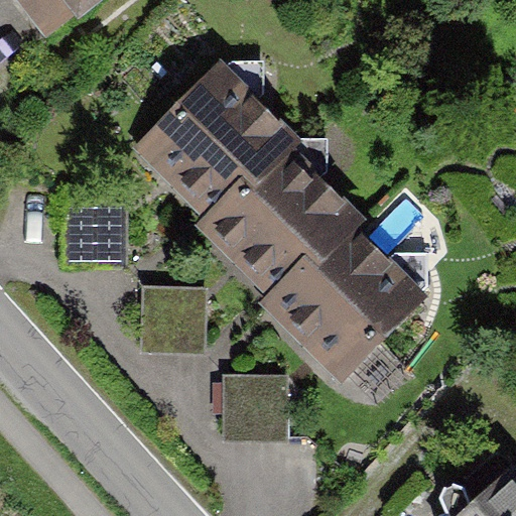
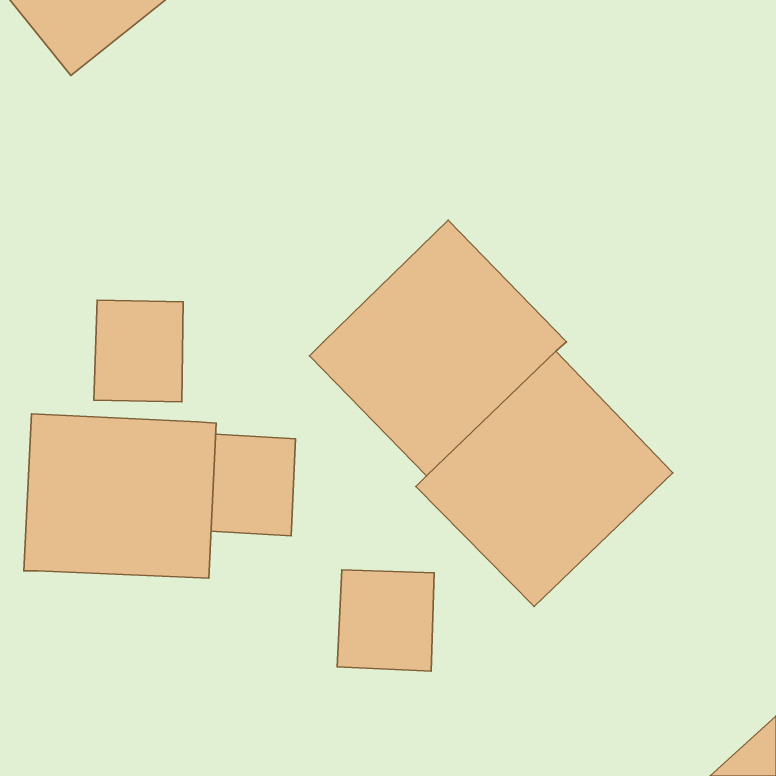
building: [135,56,302,224] -> none
building: none -> [24,414,216,578]

